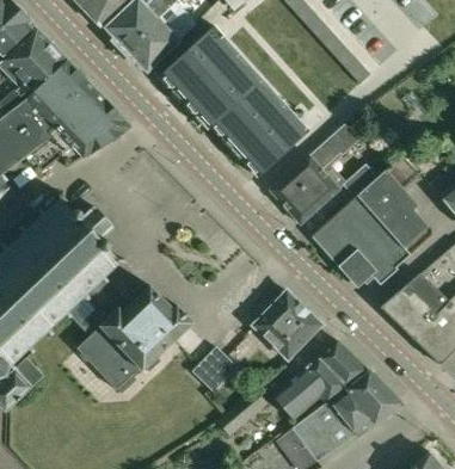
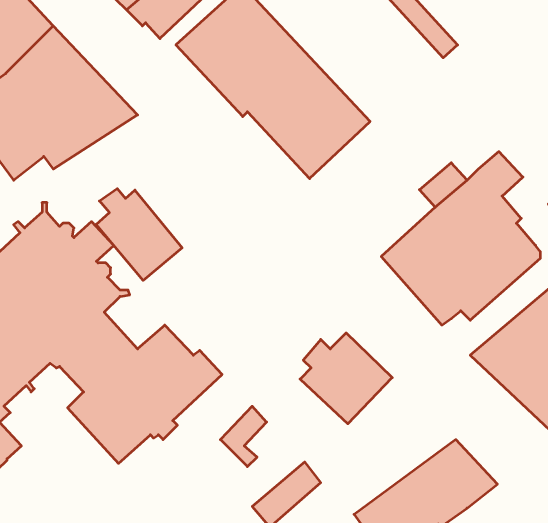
building: [270,123,359,223] -> none
building: none -> [96,189,182,280]
building: [272,340,367,419] -> none

